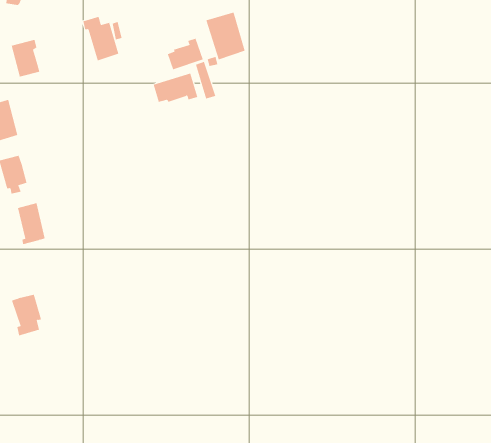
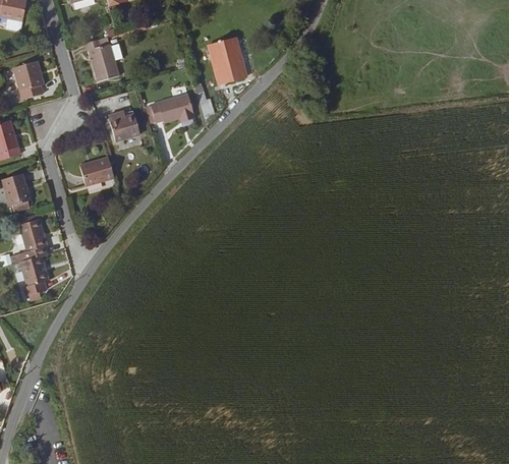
building: [167,38,203,70] -> none
building: none -> [110,115,140,141]
building: none -> [80,157,114,186]
building: [11,294,42,336] -> [19,255,49,296]

